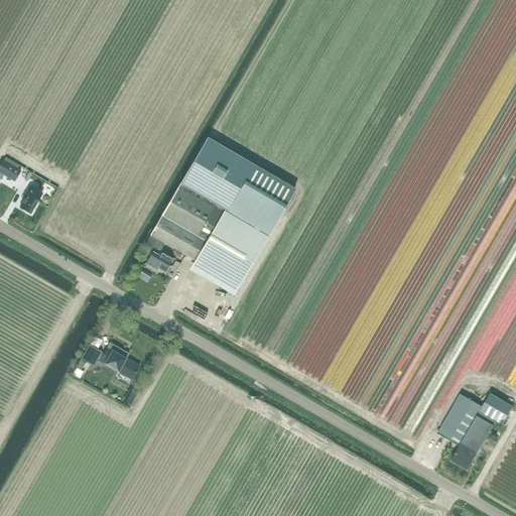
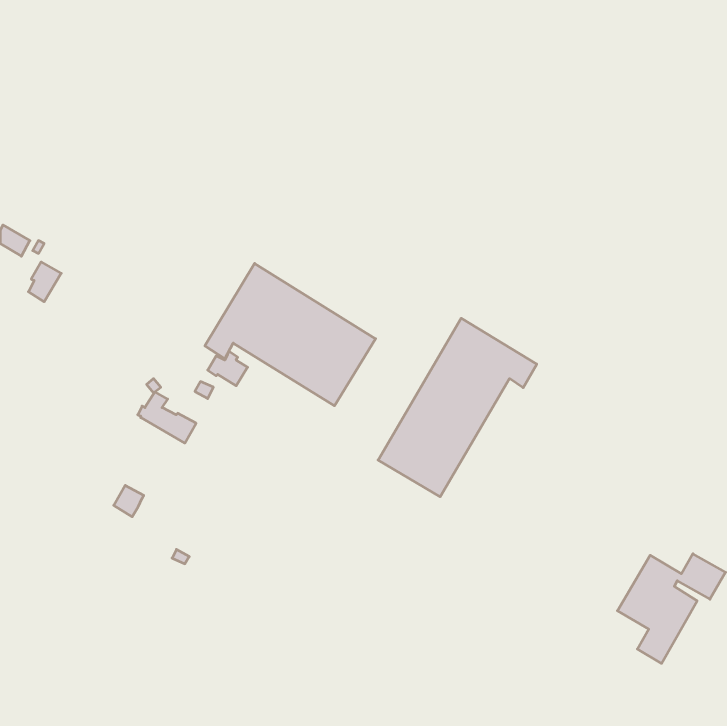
building: [178,139,294,240] -> none
building: none -> [378,318,537,497]
building: [98,343,139,379] -> [138,392,196,443]

